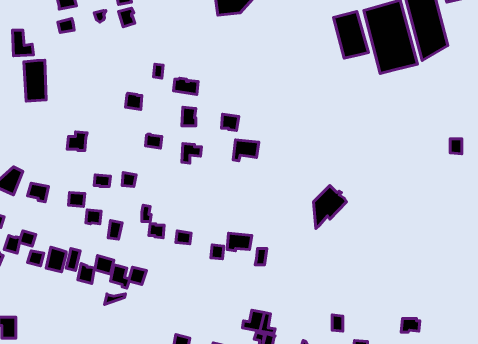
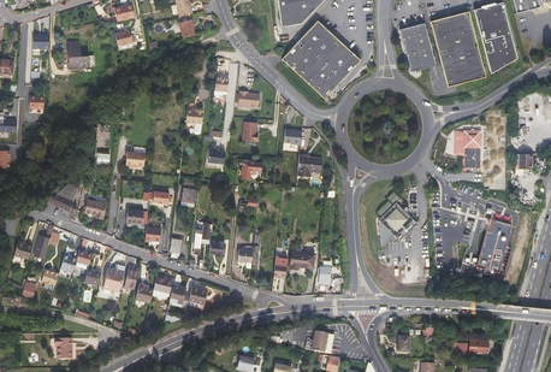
building: none -> [282,19,361,98]
building: [24,60,46,101] -> none
building: none -> [455,129,481,166]
building: none -> [475,219,511,274]

